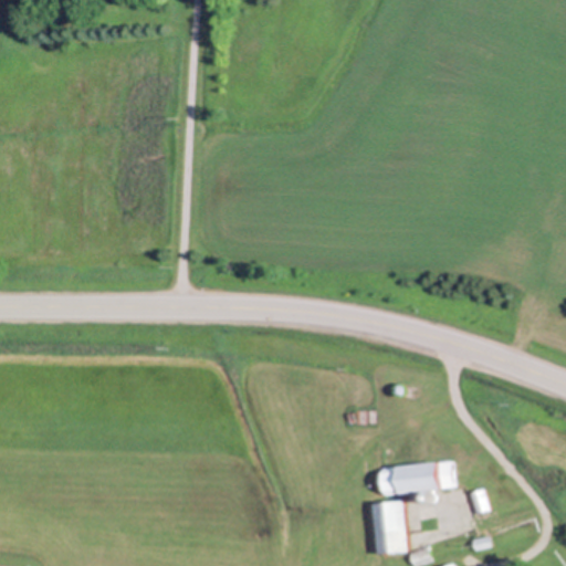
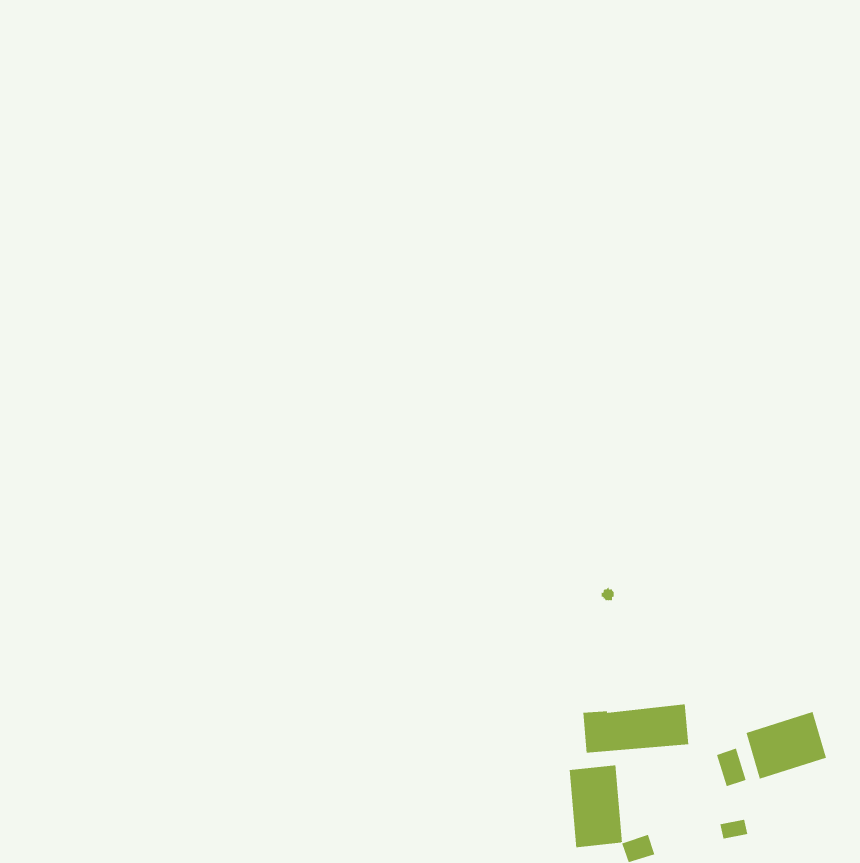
building: none -> [746,711,827,779]

